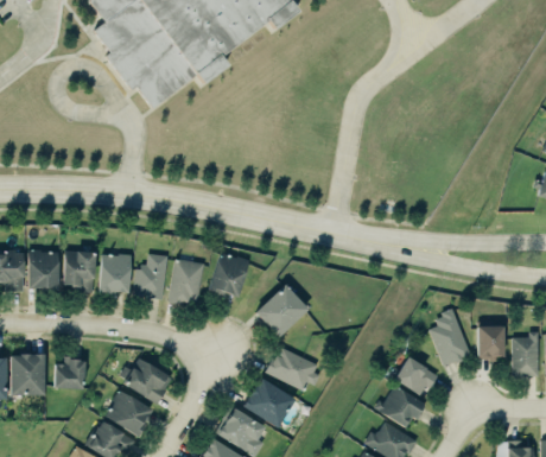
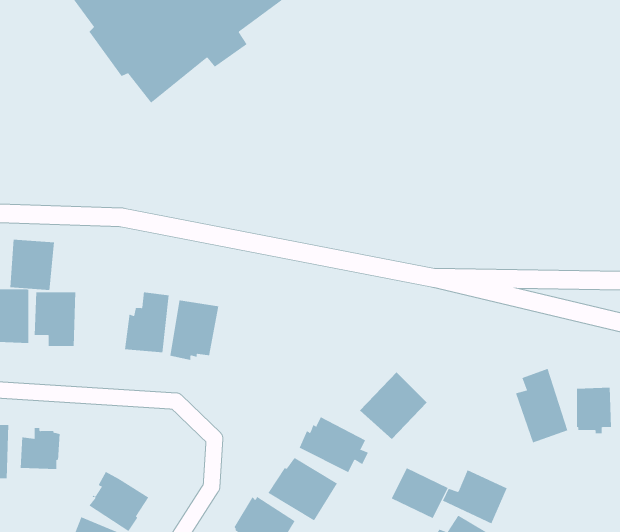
building: [96,249,131,288] -> [10,239,55,290]
building: [210,252,250,298] -> none
building: [256,285,309,337] -> [359,371,428,440]
building: [120,357,171,404] -> none
building: [395,358,439,398] -> [391,467,449,519]

